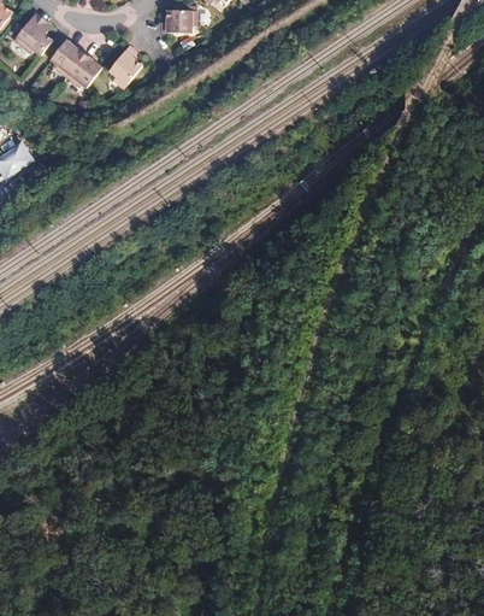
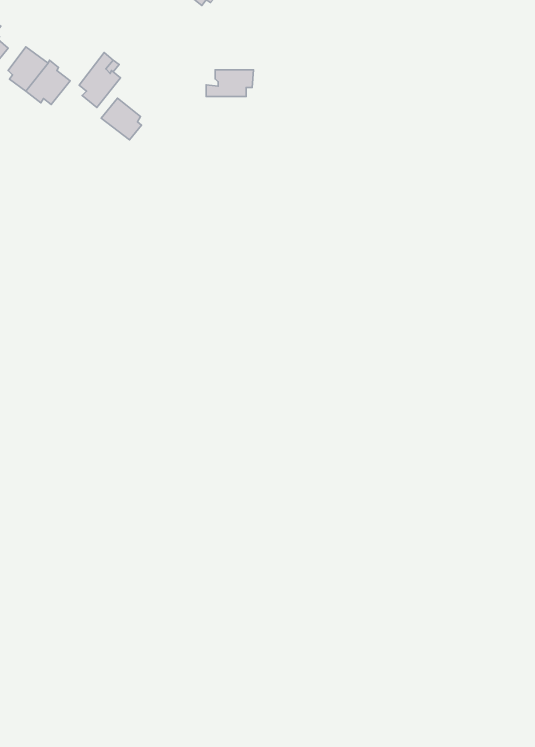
building: [157,13,195,35] -> [206,70,254,97]
building: none -> [101,98,141,140]

